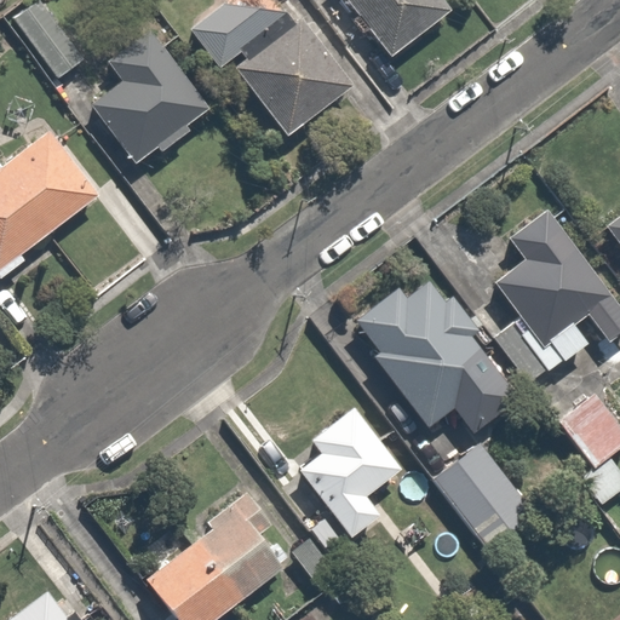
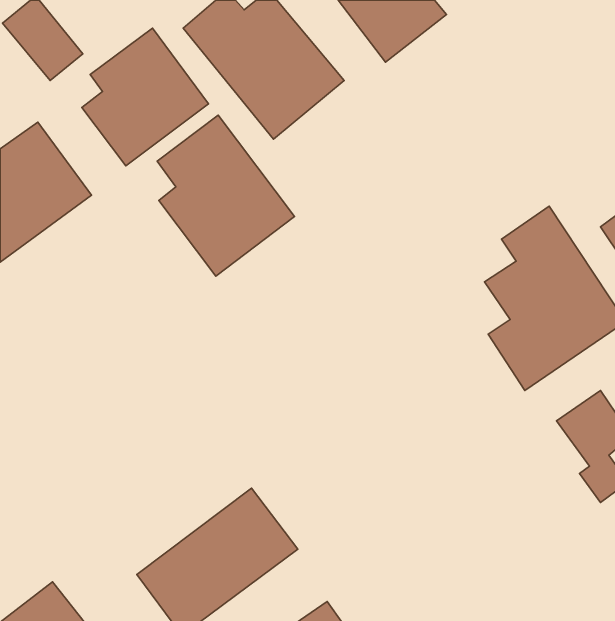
building: none -> [157,115,294,276]
building: [350,272,517,429] -> none
building: [283,403,407,542] -> none
building: [431,441,533,544] -> none

